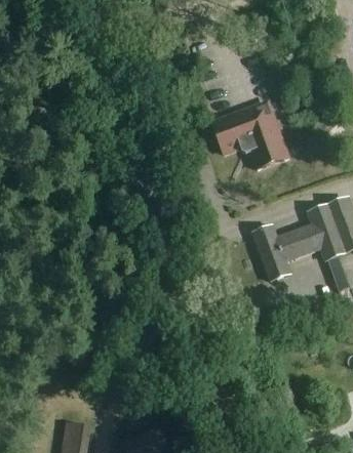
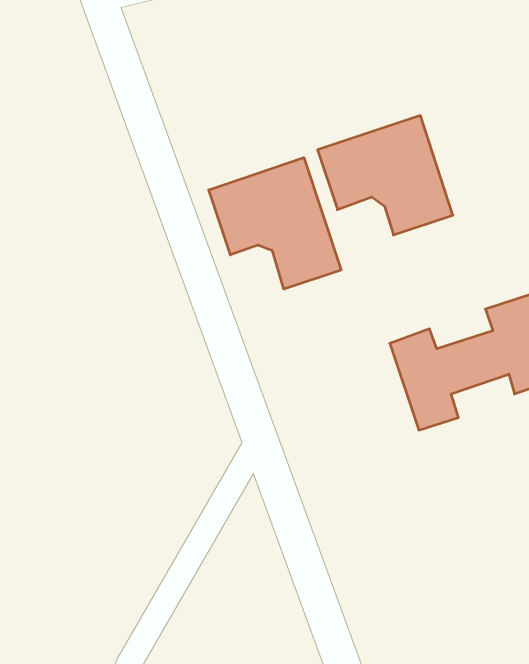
building: none -> [209,158,341,289]

